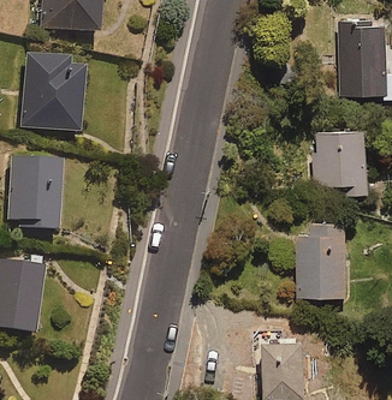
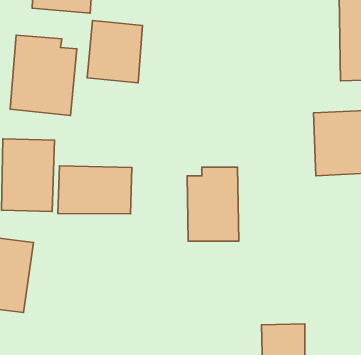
building: none -> [87,21,142,83]
building: none -> [58,166,132,214]
building: [296,222,346,294] -> [187,167,239,241]

